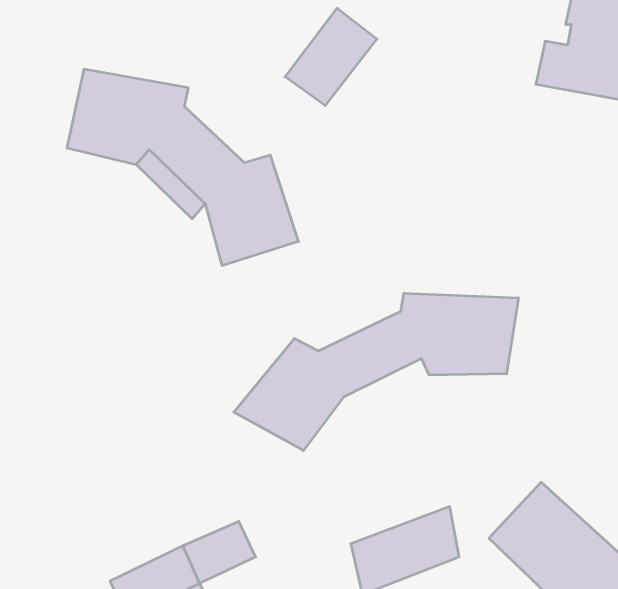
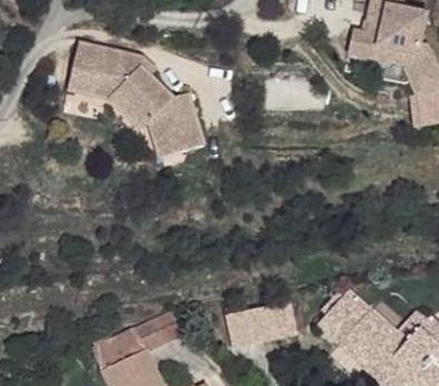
building: [285,8,377,106] -> none
building: [234,293,518,451] -> none

